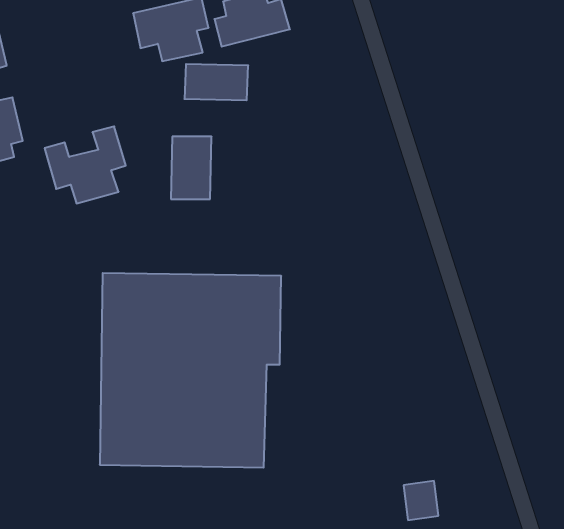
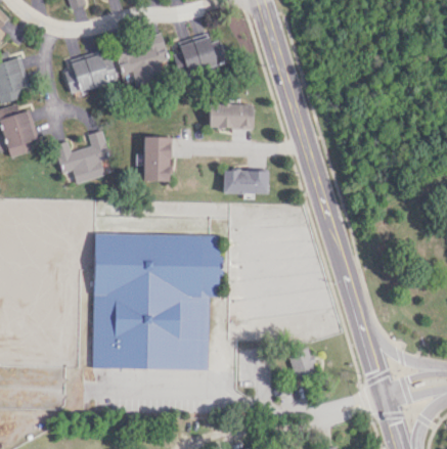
building: none -> [65,55,107,93]
building: [184,64,248,100] -> [209,103,254,129]
building: none -> [223,170,268,194]
building: [404,481,438,520] -> [290,349,315,376]

